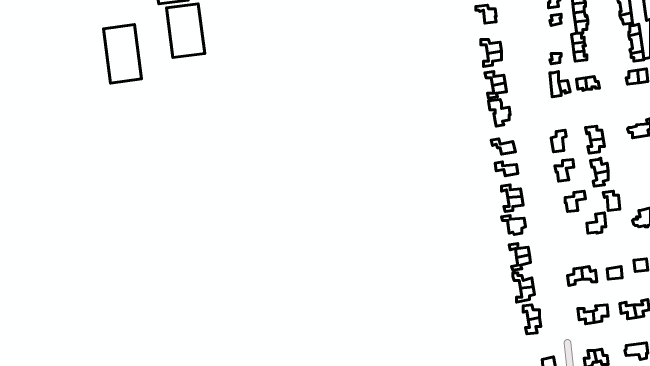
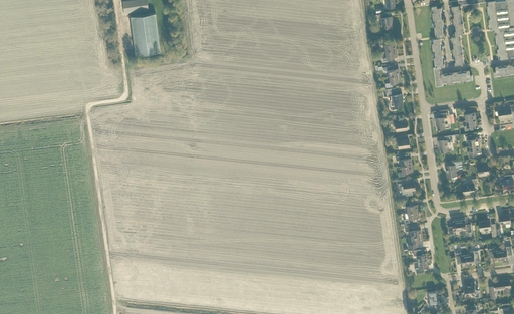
building: [103,25,141,83] -> none

